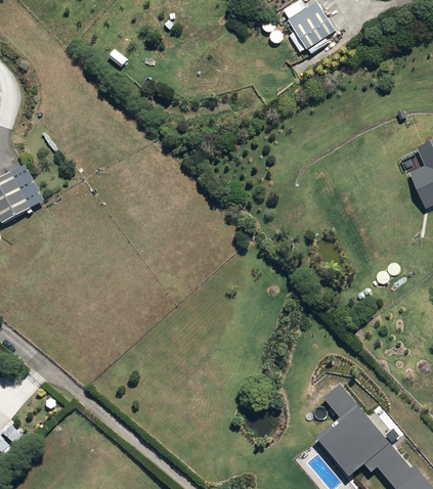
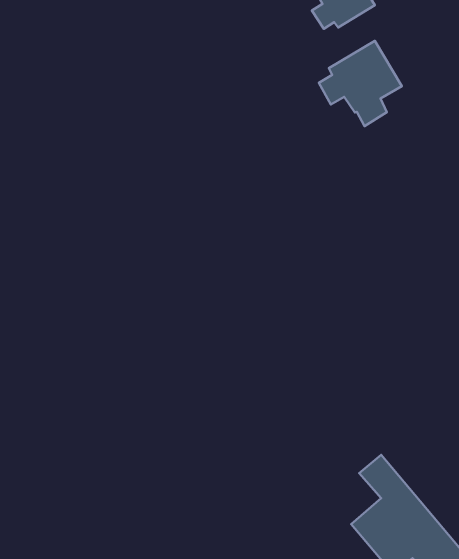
building: none -> [319,41,402,126]

